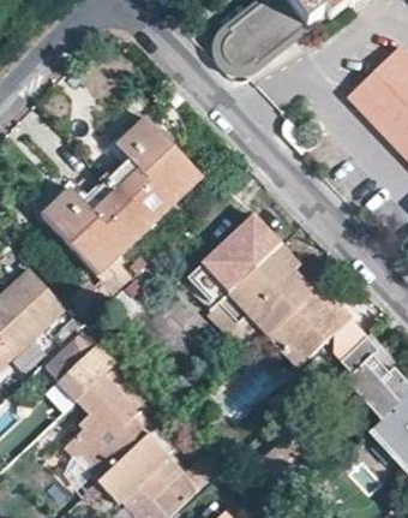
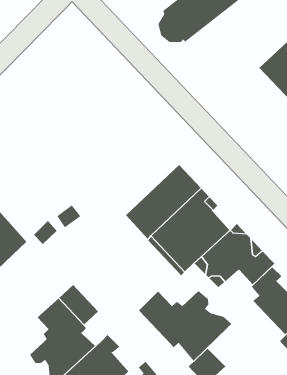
building: [44,118,202,274] -> none
building: [48,326,121,398] -> none
building: none -> [138,290,232,361]

